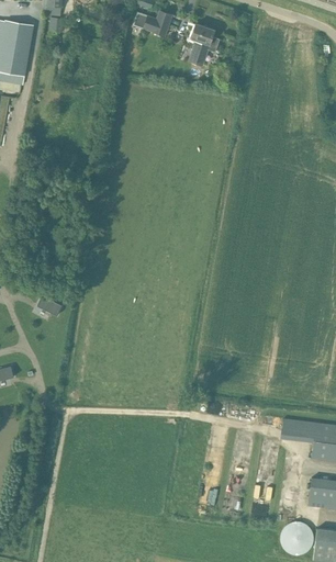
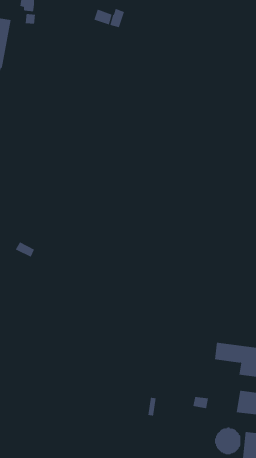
building: [188,23,222,66] -> none

